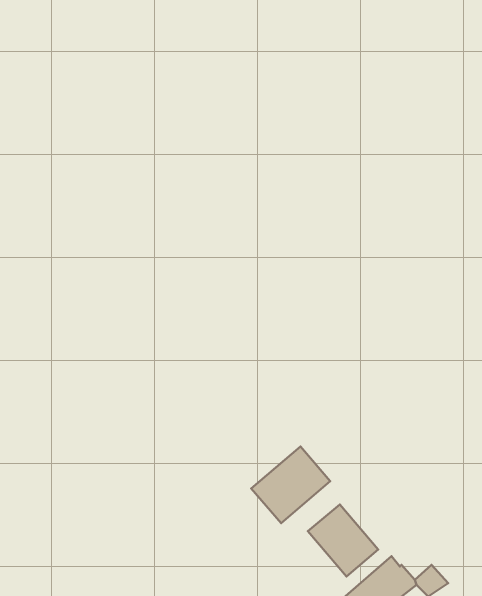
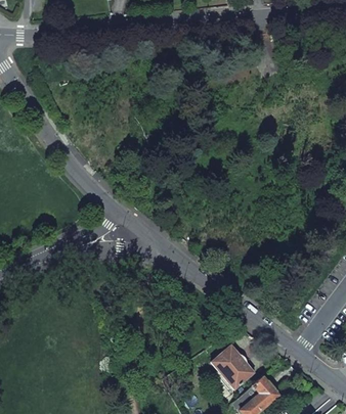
building: [251,446,330,523] -> none

